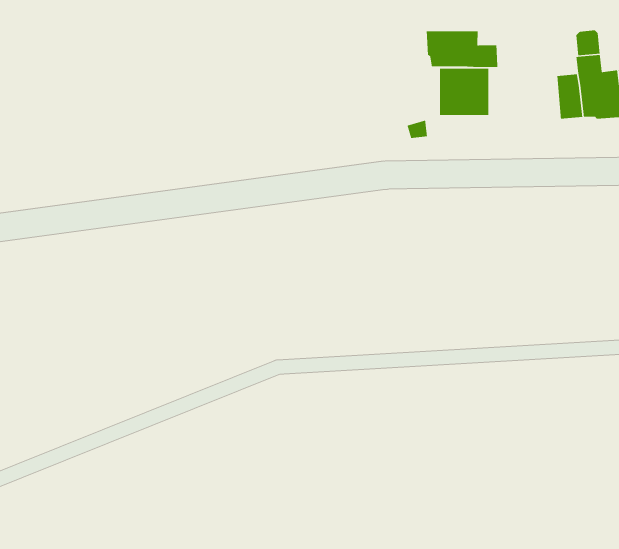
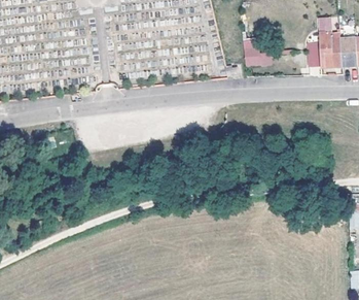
building: [426,31,498,68] -> none

